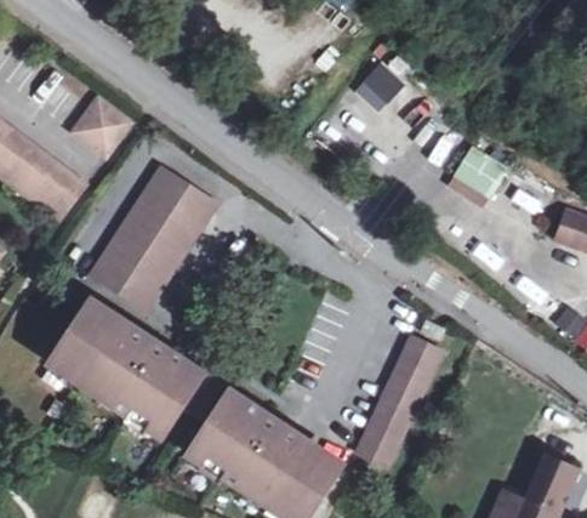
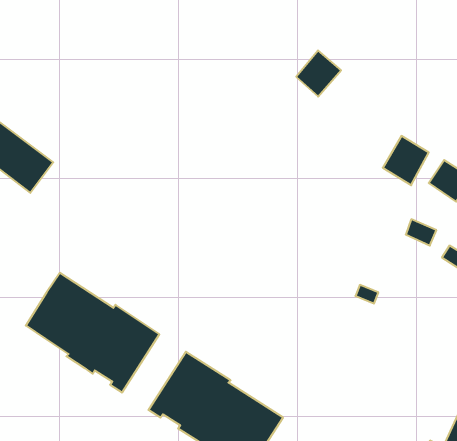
building: [75,95,132,152] -> none
building: [91,166,217,311] -> none
building: [357,334,446,467] -> none

